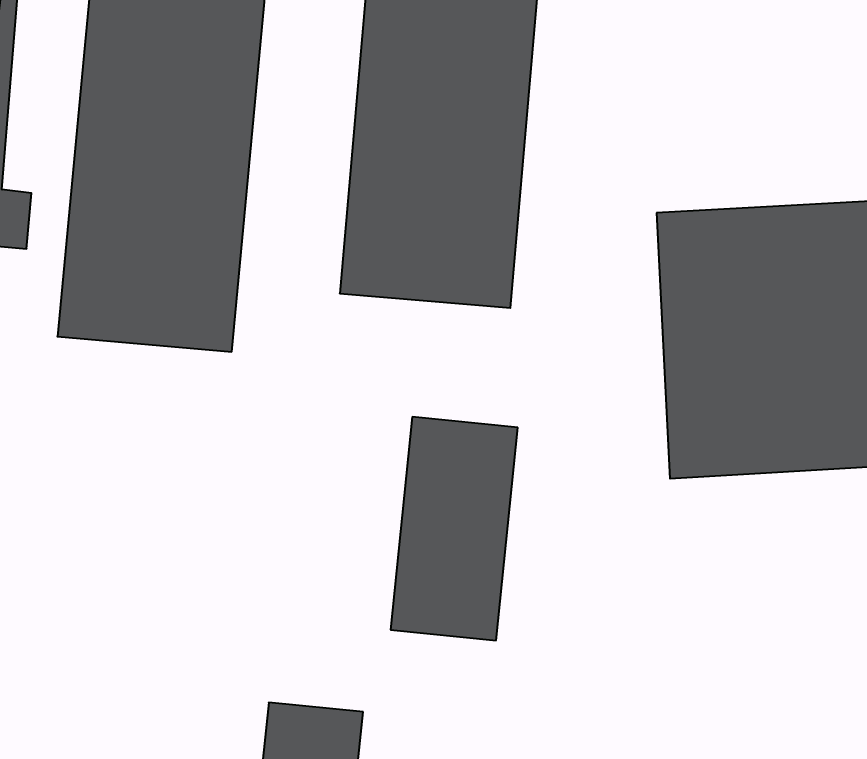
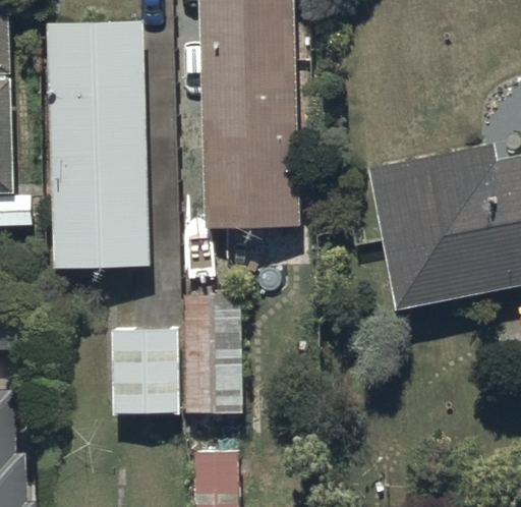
building: [391,417,518,640] -> [182,294,242,412]
building: none -> [109,327,179,414]

